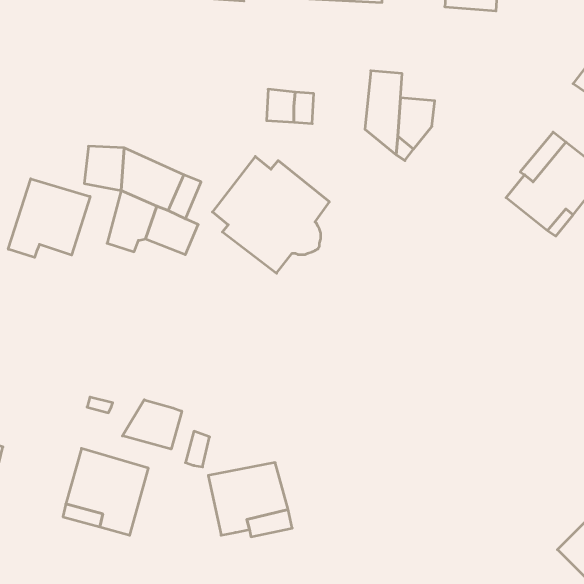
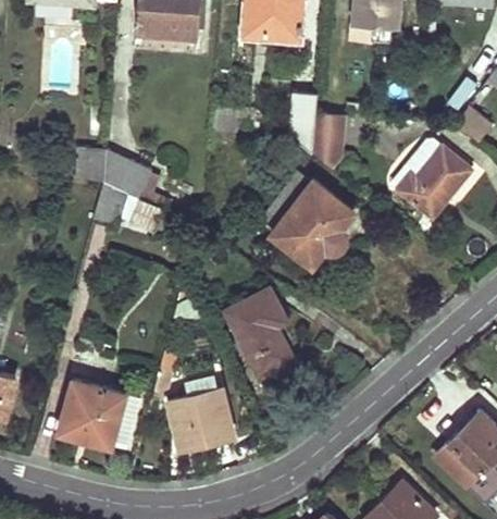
building: [212,156,329,273] -> [263,176,352,265]
building: [8,179,90,257] -> none
building: none -> [226,289,294,378]
building: [122,400,182,449] -> none

